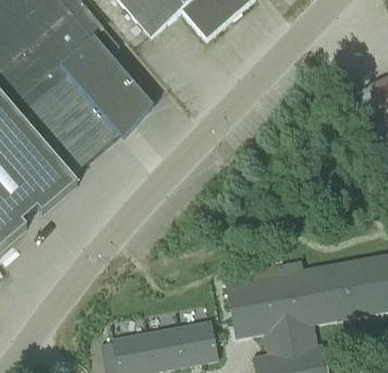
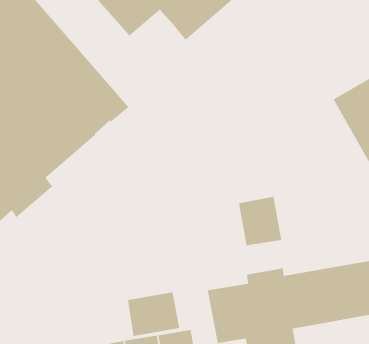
building: none -> [238,196,282,246]
building: none -> [127,292,180,337]

